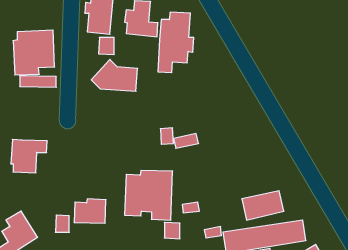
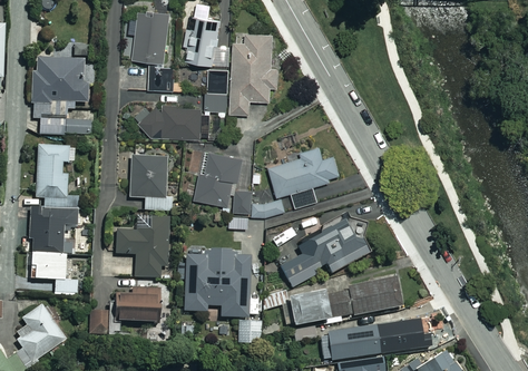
building: none -> [205,69,232,114]
building: none -> [36,145,78,208]
building: none -> [267,146,341,207]
building: none -> [194,152,242,206]
building: none -> [129,156,169,209]
building: none -> [116,217,168,277]
building: none -> [280,217,369,286]
building: none -> [30,251,77,293]
building: none -> [289,289,348,324]

